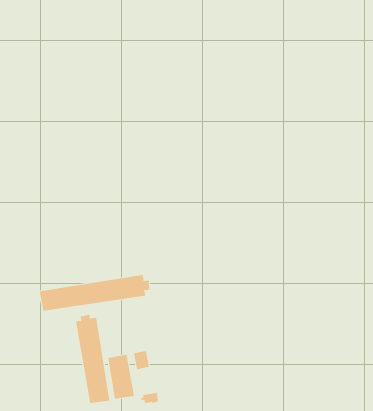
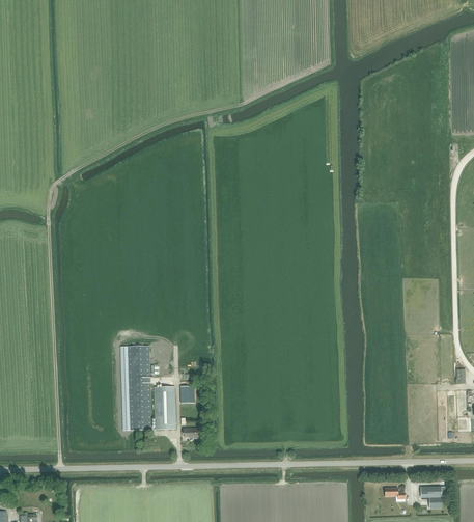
building: [39,274,150,312] -> none

